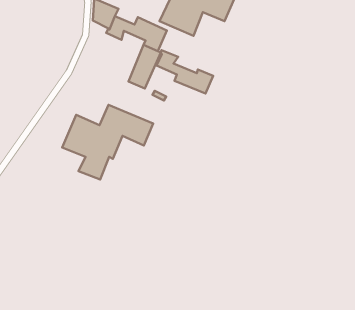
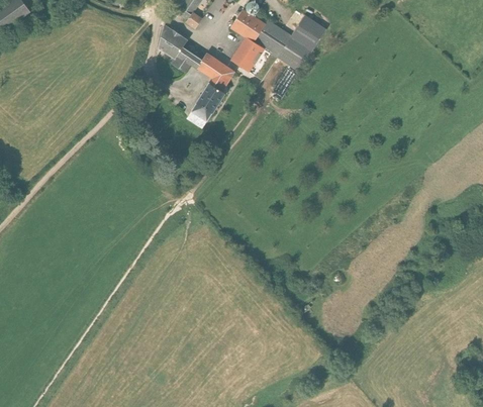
building: [157,50,213,94] -> none
building: [62,105,153,180] -> none

